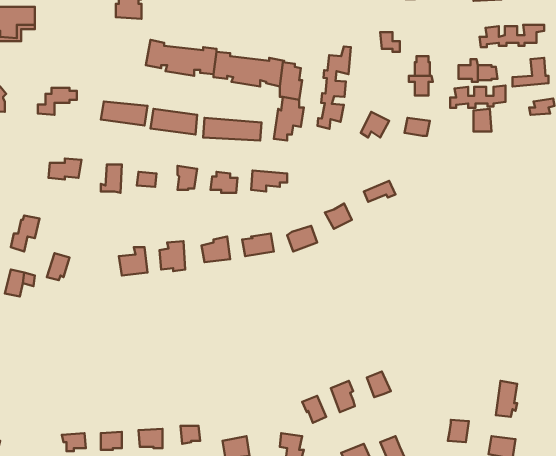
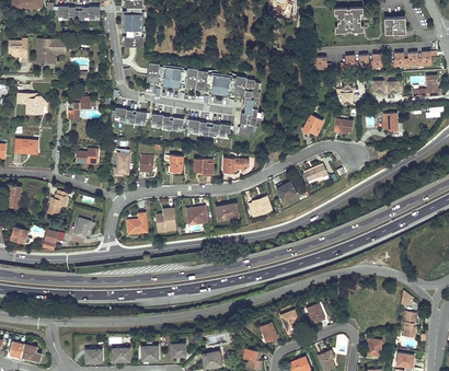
building: [318,47,351,129] -> none
building: [450,85,506,108] -> [341,54,381,70]

